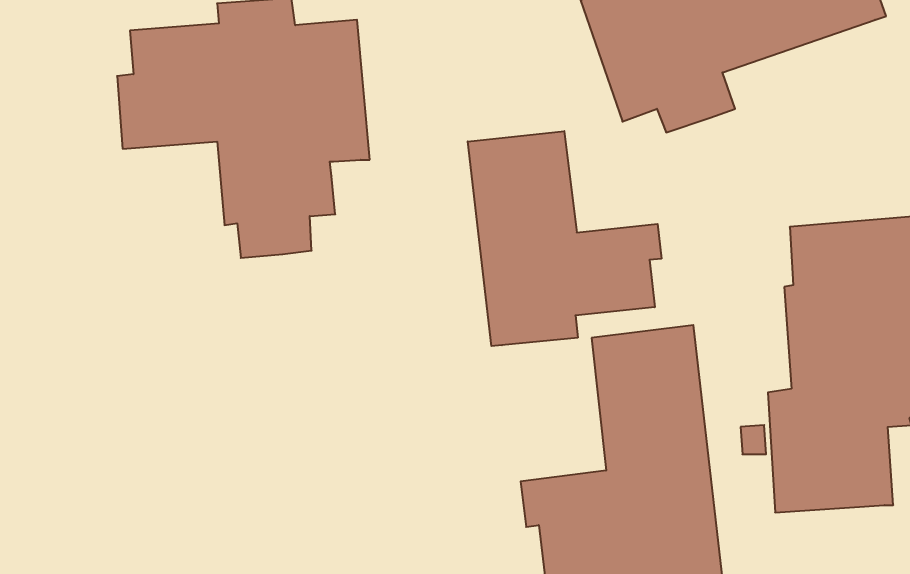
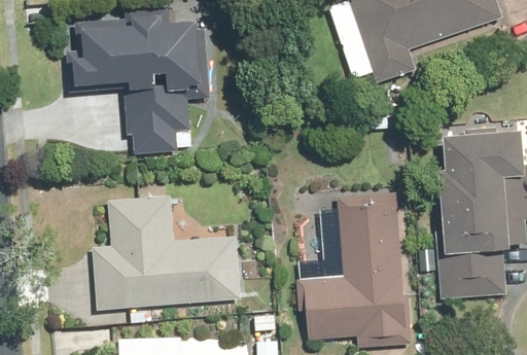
building: [468,131,661,346] -> none
building: none -> [92,196,242,321]

